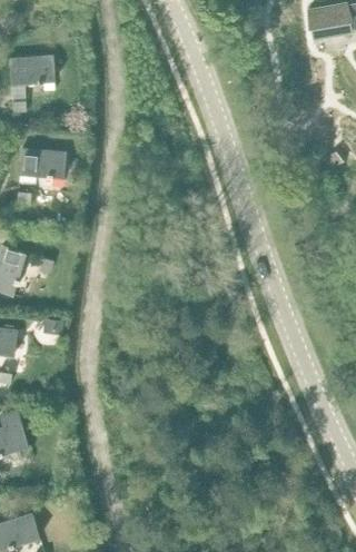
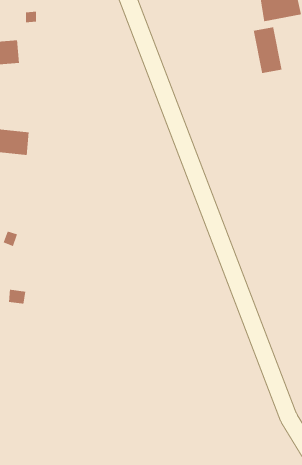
building: none -> [253,27,282,74]

